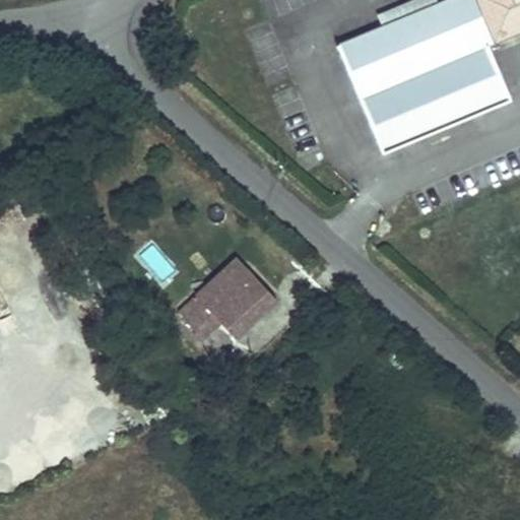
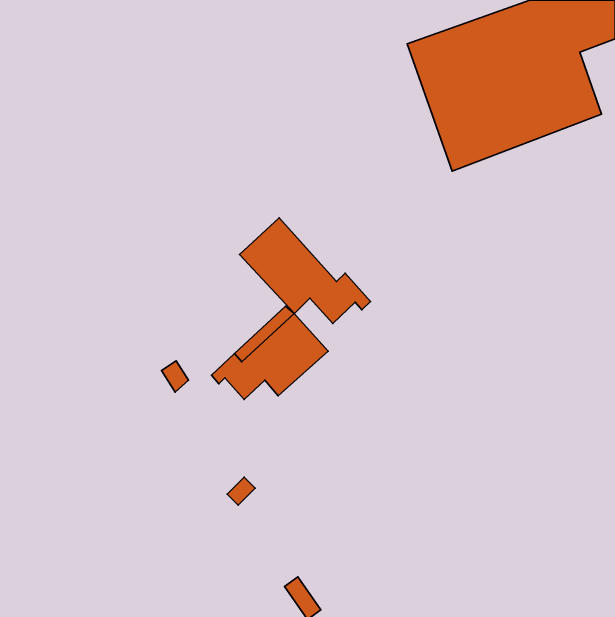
building: none -> [239,218,370,323]

